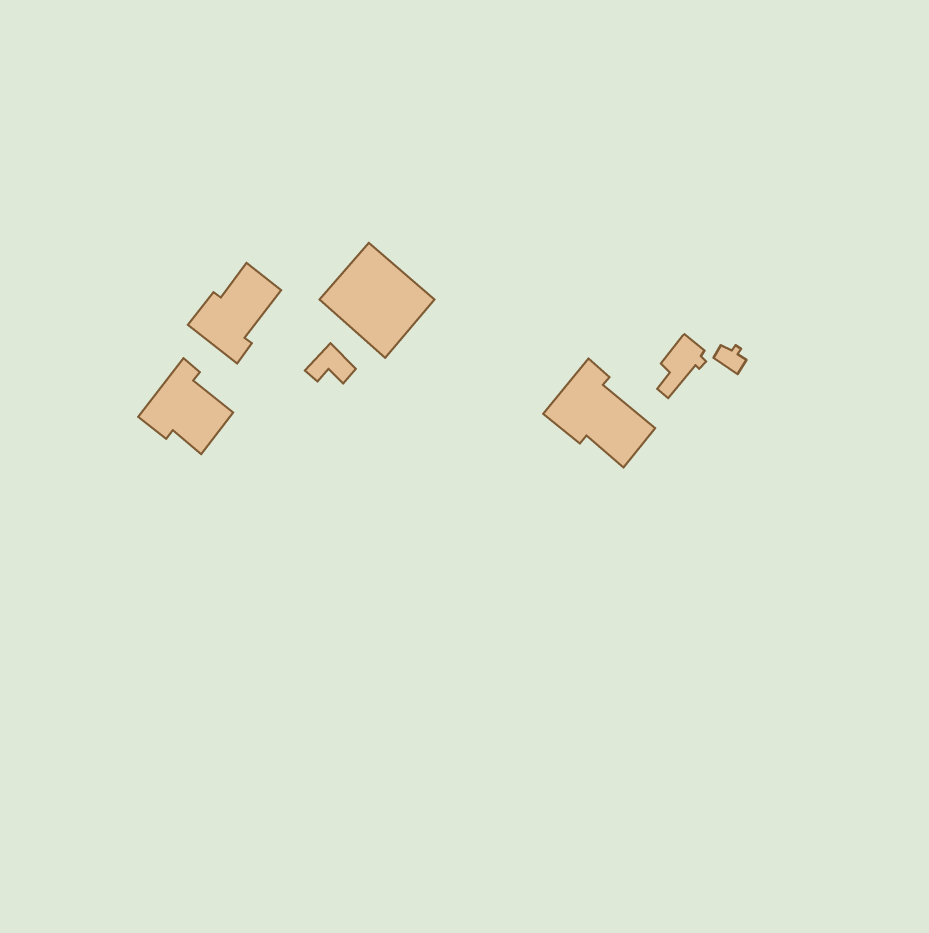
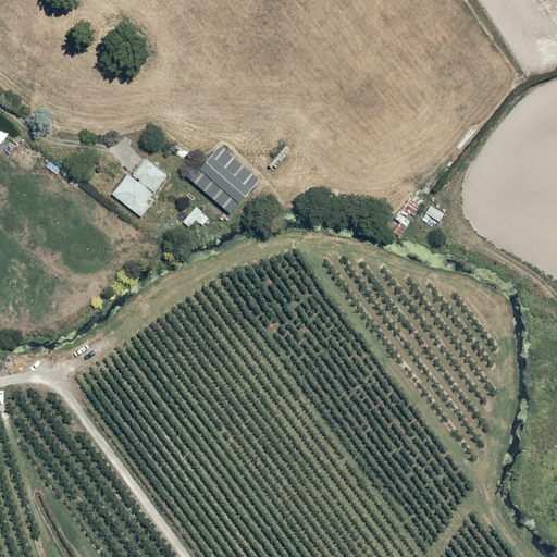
building: [138,358,233,454] -> none
building: [543,359,655,468] -> none

